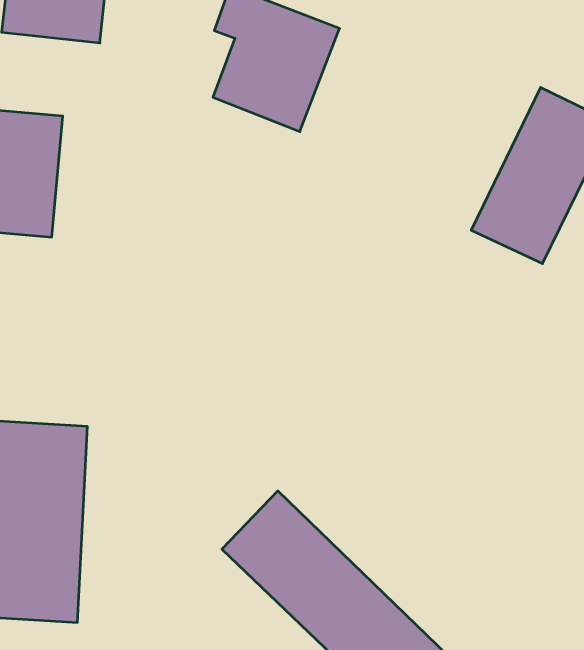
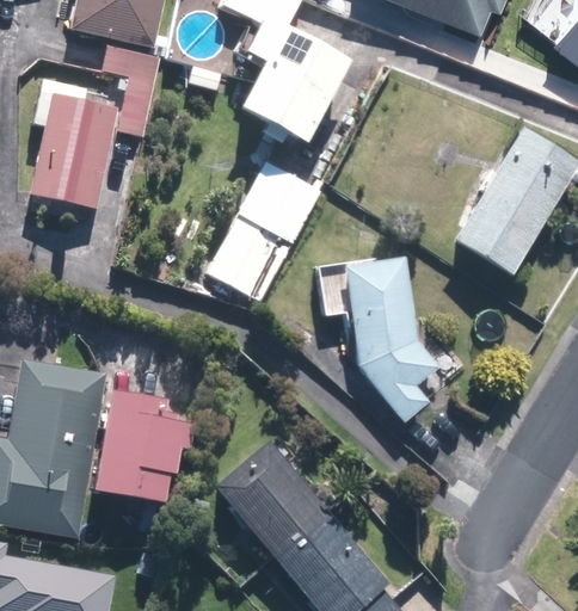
building: none -> [102,47,159,137]
building: none -> [205,161,320,302]
building: none -> [340,259,438,422]
building: none -> [98,389,201,502]

